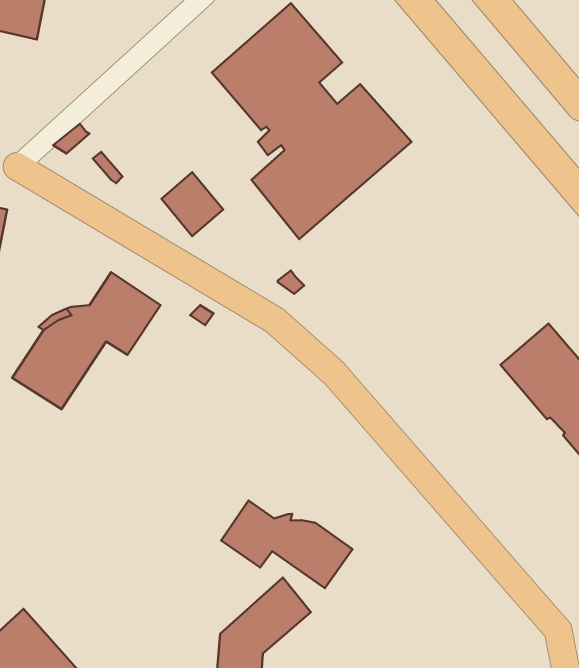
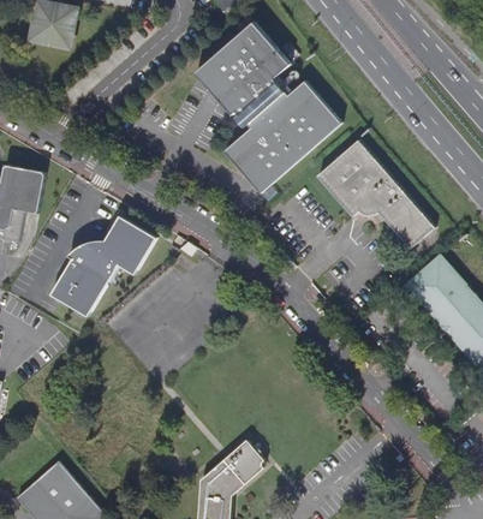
building: none -> [317,139,434,247]
building: [162,172,223,236] -> none
building: [221,500,353,588] -> none

